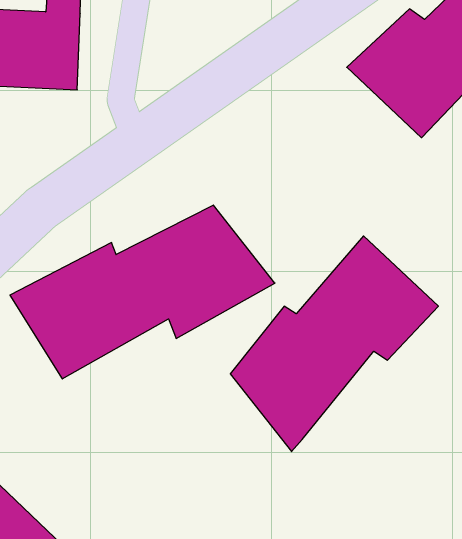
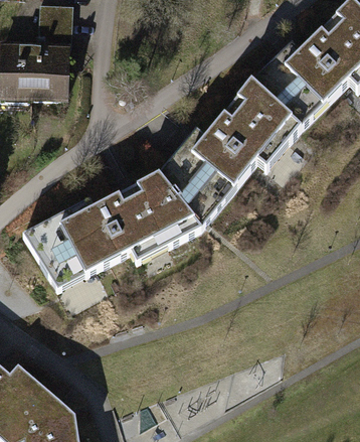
building: [230,236,438,452] -> [159,84,299,229]

